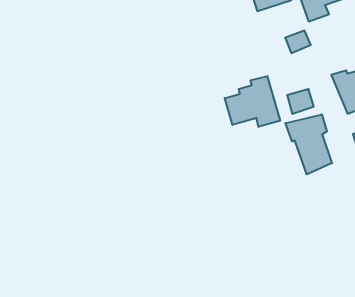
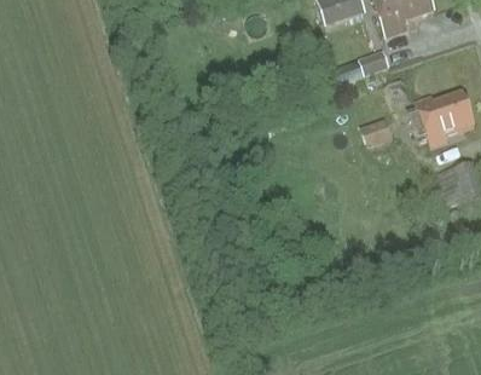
building: [225,76,280,127] -> none
building: [285,114,332,174] -> none

